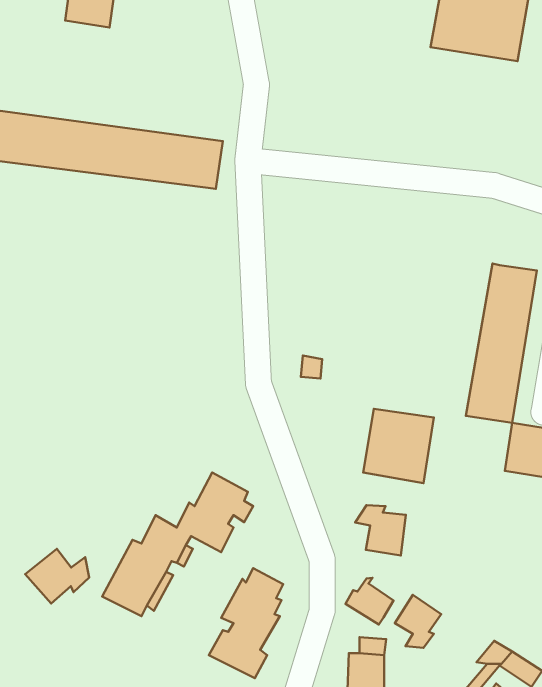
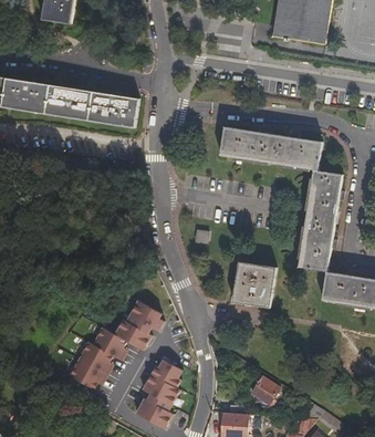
building: none -> [217,124,320,170]
building: [355,505,406,555] -> none
building: [25,549,89,604] -> none
building: [346,578,393,625] -> none

